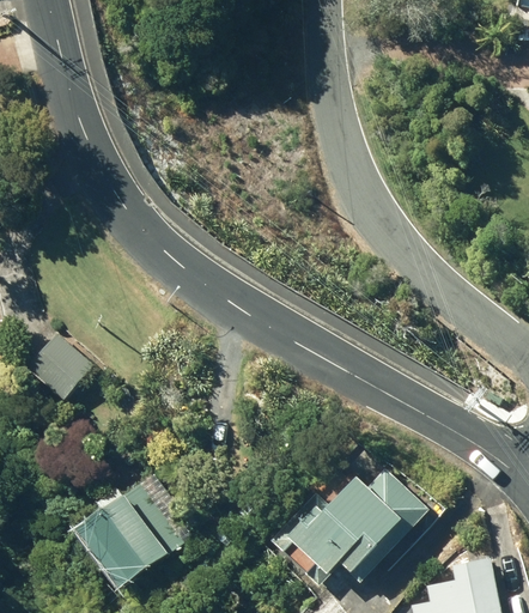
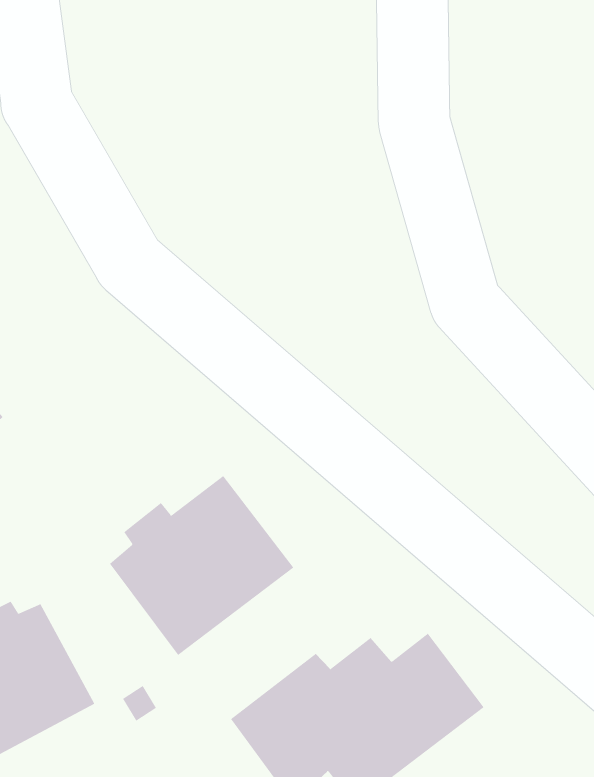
building: none -> [109,475,294,656]

